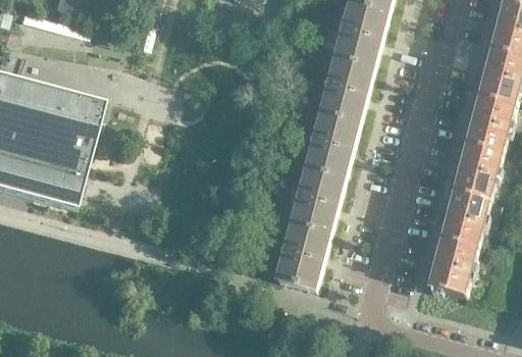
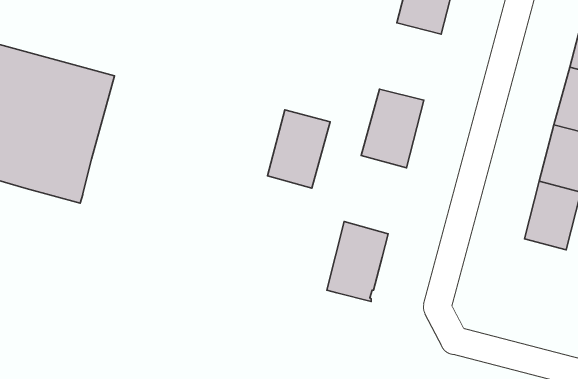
building: [322,56,373,120] -> none
building: [293,166,345,232] -> [268,110,330,188]
building: [429,236,477,293] -> none

